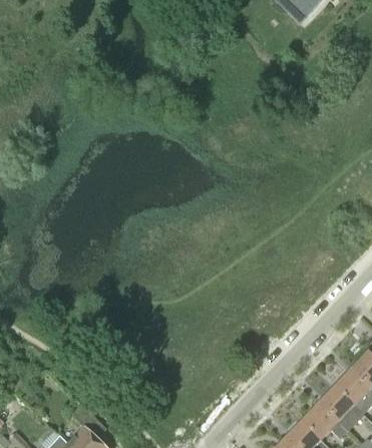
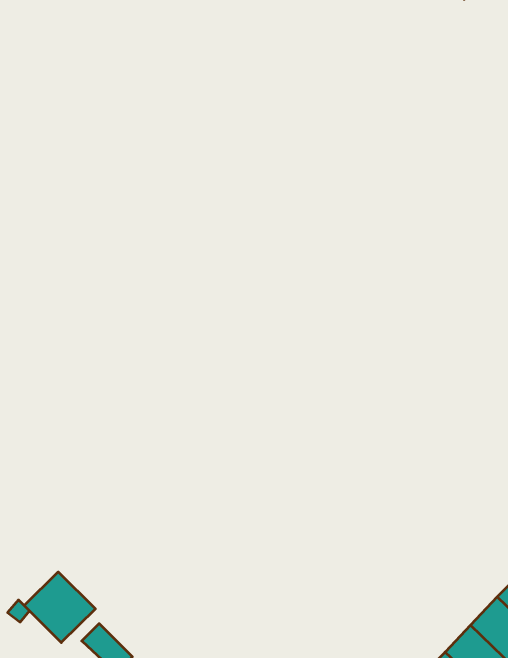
building: none -> [24,572,95,643]

